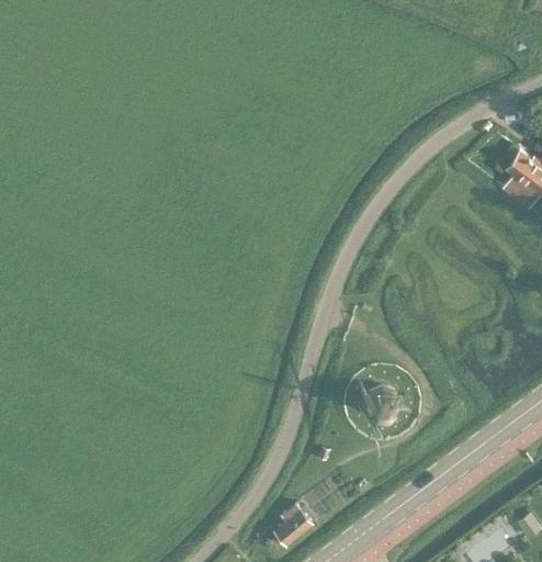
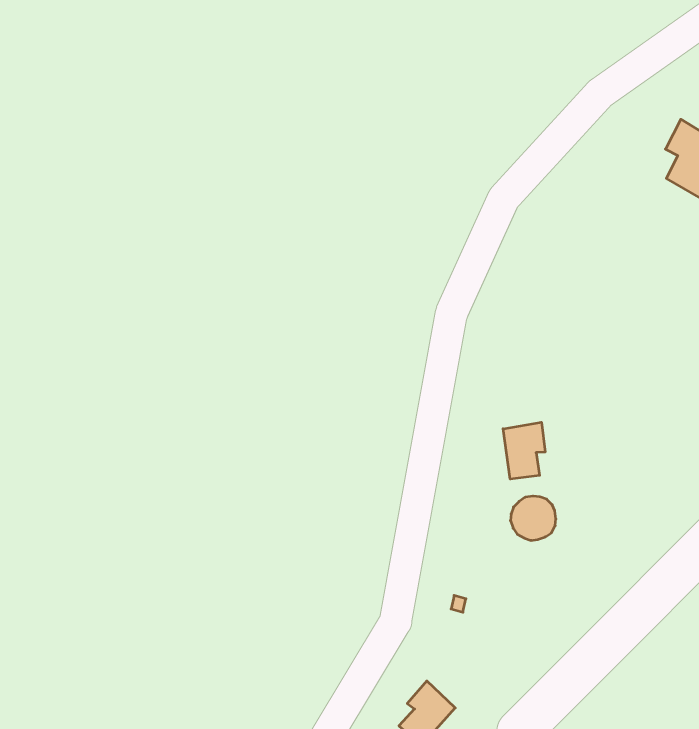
building: none -> [503,422,545,479]

